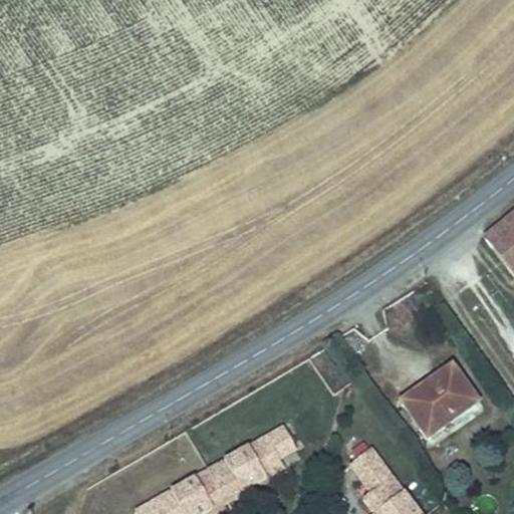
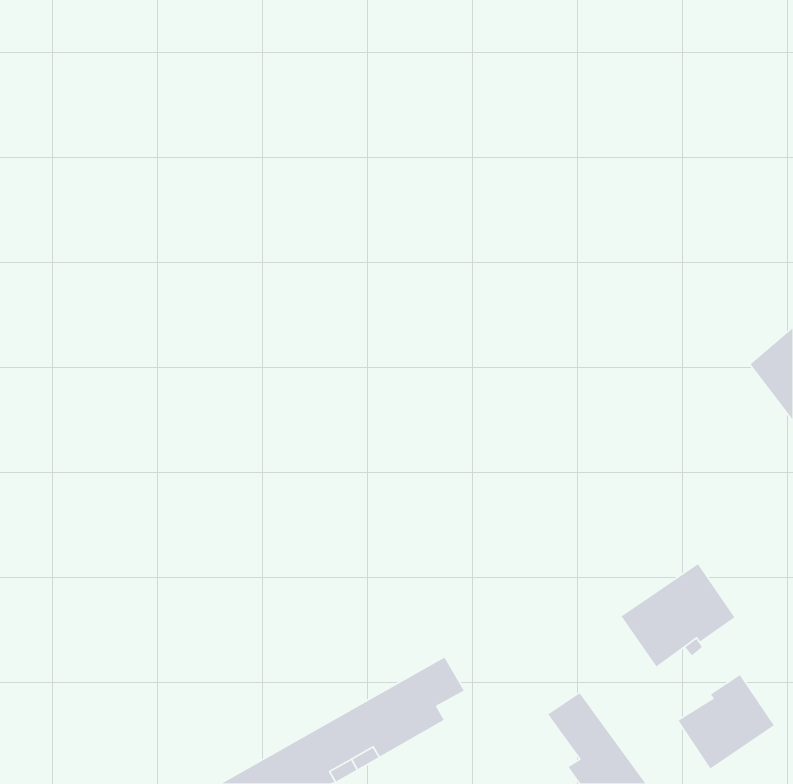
building: none -> [678,674,775,770]

